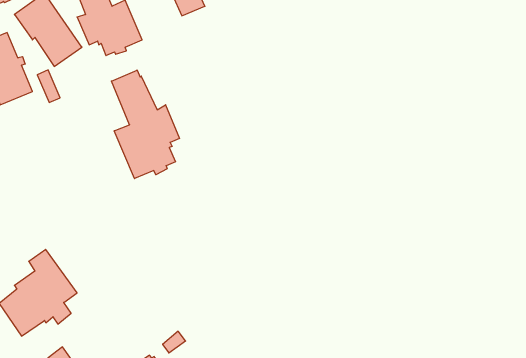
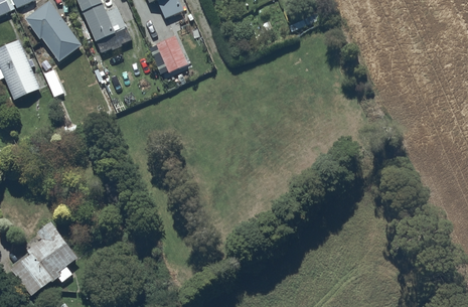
building: none -> [149,36,188,73]
building: [111,70,180,179] -> none

